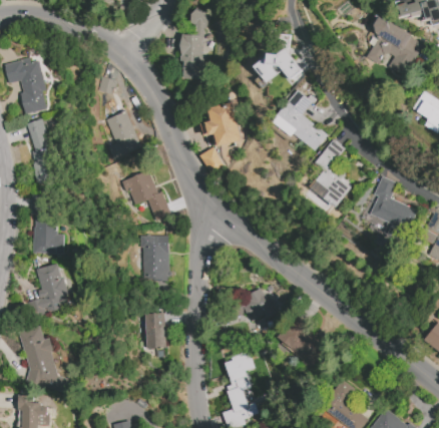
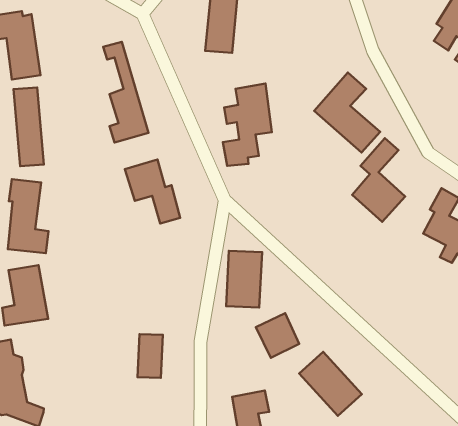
building: [256,44,304,82] -> none
building: [141,235,169,281] -> [226,251,262,307]

